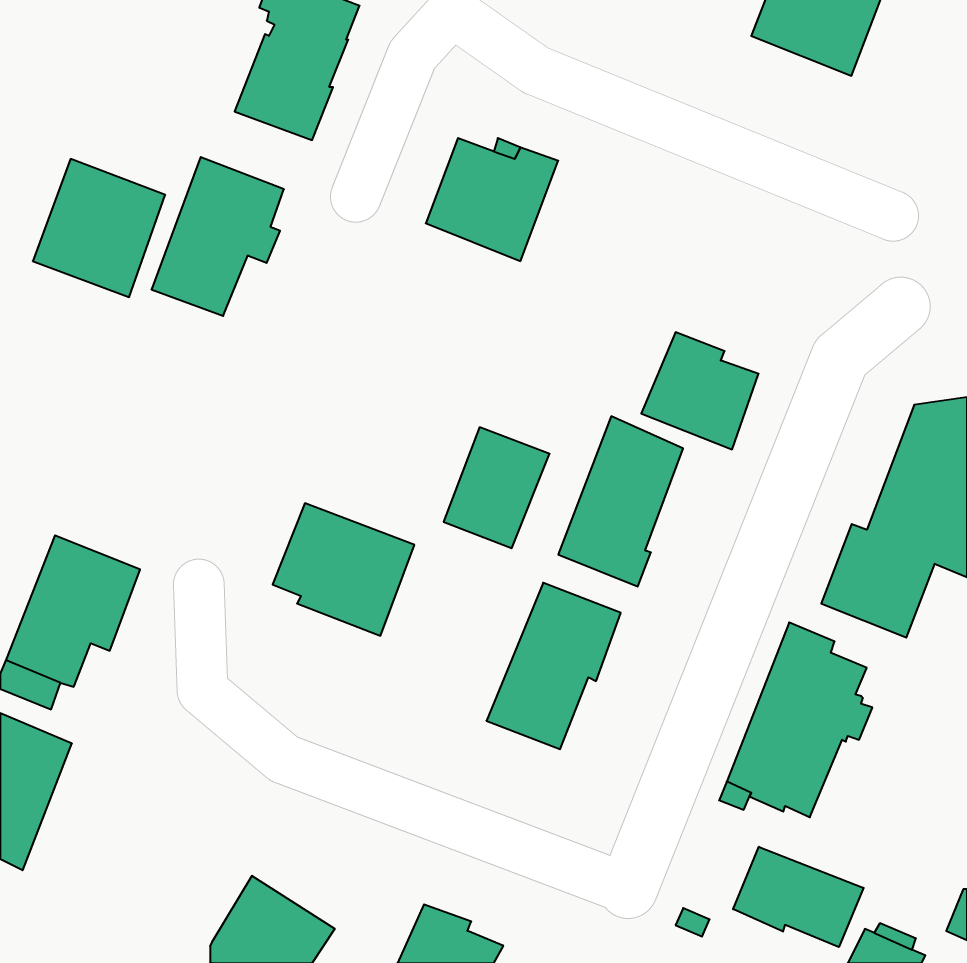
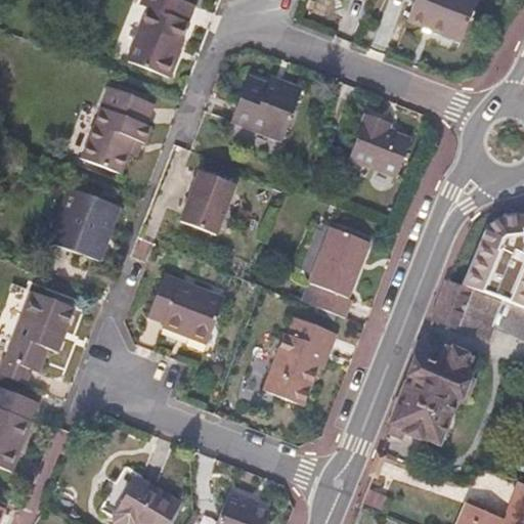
building: [33,159,165,297] -> [48,186,120,261]
building: [641,332,759,449] -> [347,114,410,177]
building: [444,427,550,548] -> [179,169,236,234]
building: [733,847,864,947] -> none

